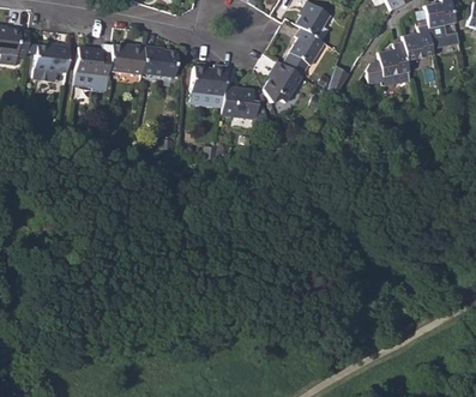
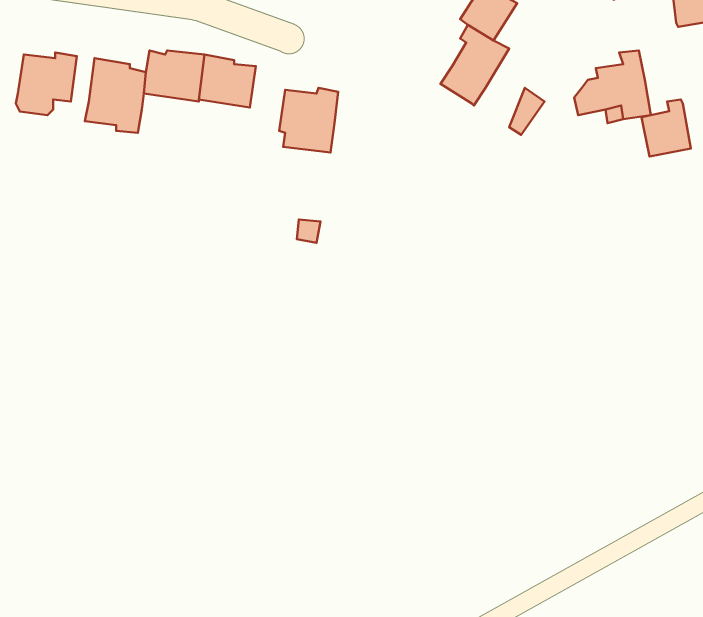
building: [406,26,436,61] -> [642,100,691,157]
building: [264,60,306,103] -> none
building: [218,88,264,130] -> none

